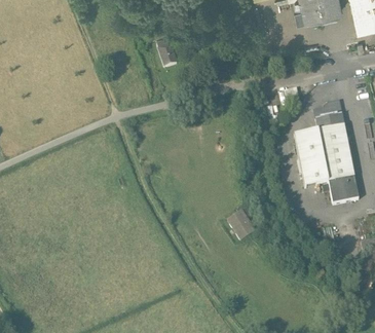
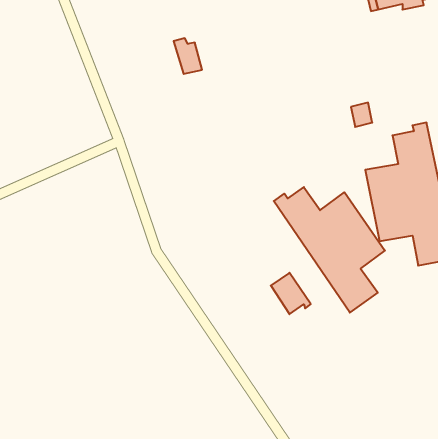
building: none -> [274,187,385,313]

